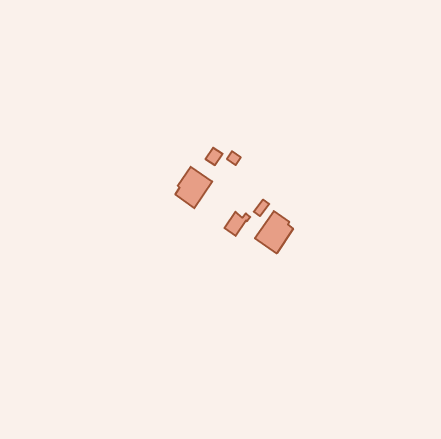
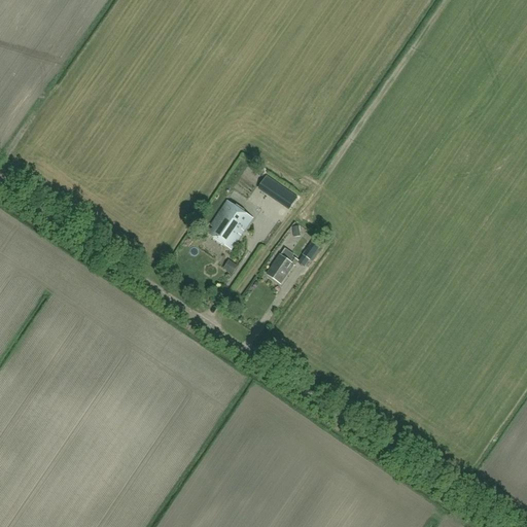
building: [255,211,293,253] -> none

